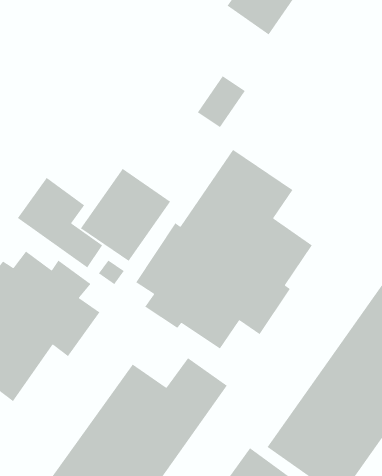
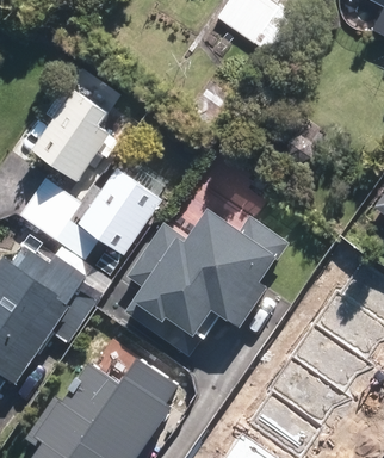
building: none -> [29,88,109,181]

